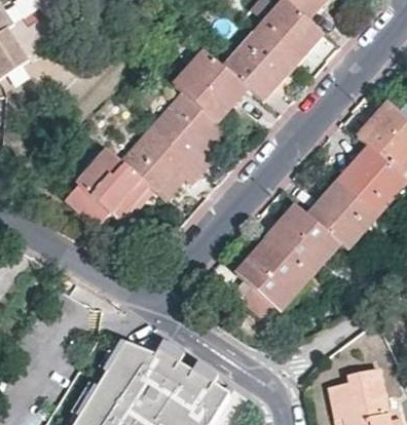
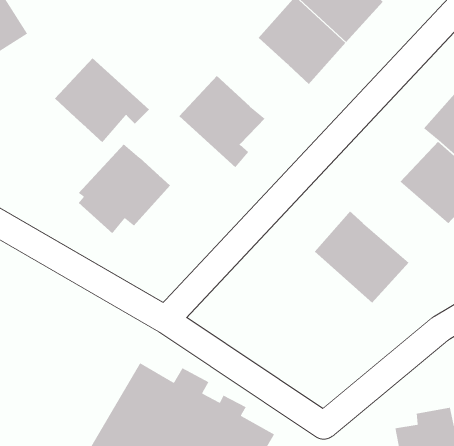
building: [169,46,244,120] -> none
building: [121,128,200,199] -> [54,57,150,143]
building: [306,183,376,252] -> none
building: [233,240,313,322] -> none

